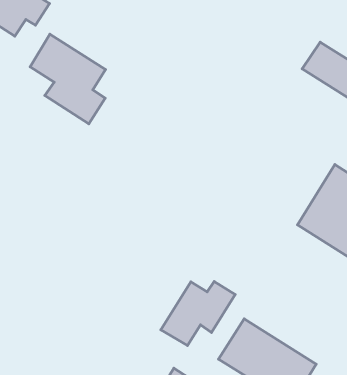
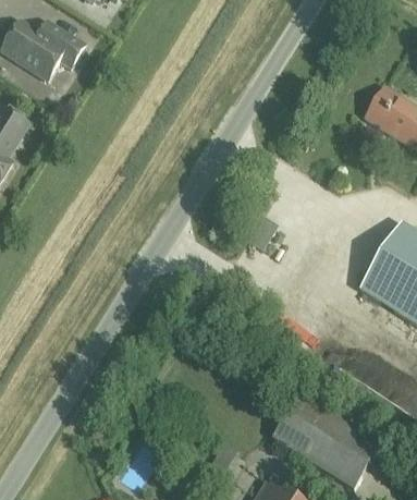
building: [30,34,106,124] -> none
building: [161,281,235,346] -> none

